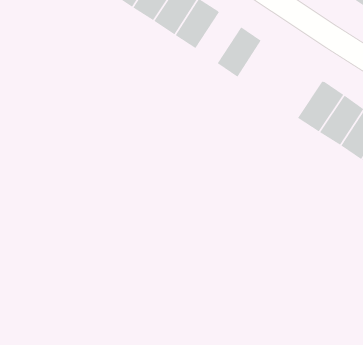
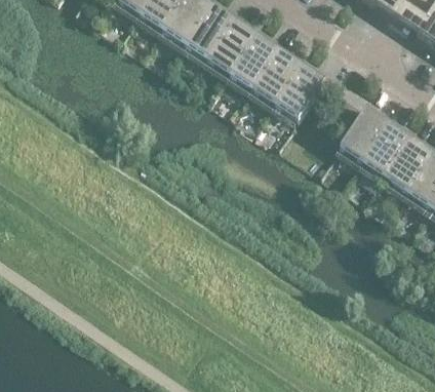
building: none -> [230,34,279,88]
building: none -> [275,64,324,119]

